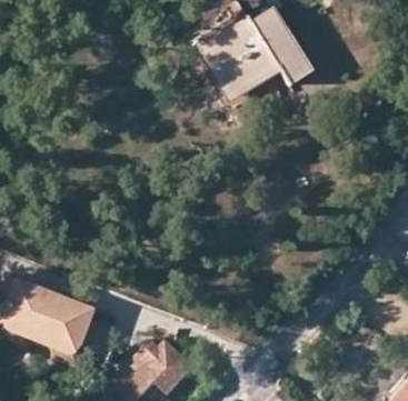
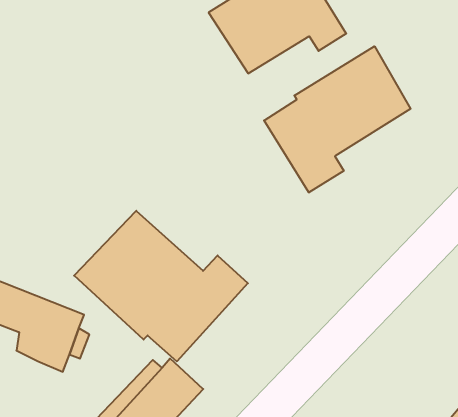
building: none -> [264,46,411,193]
building: none -> [74,211,248,361]

